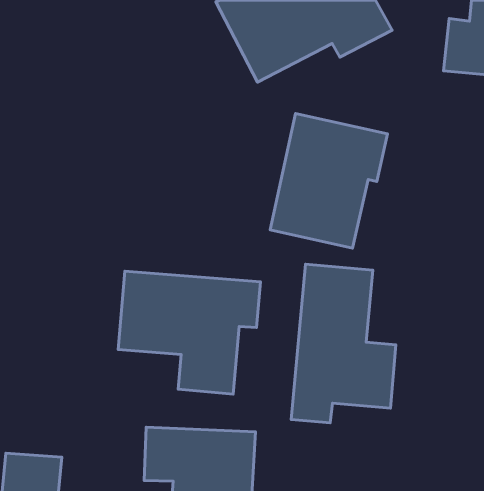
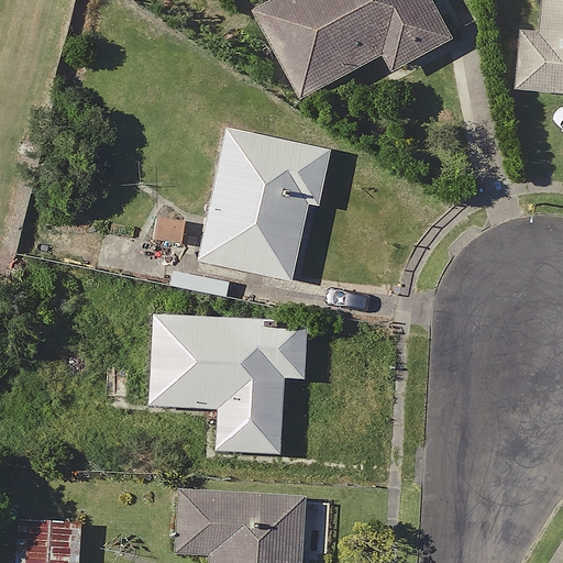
building: [270,114,387,248] -> [197,126,330,279]
building: [291,264,396,423] -> none

